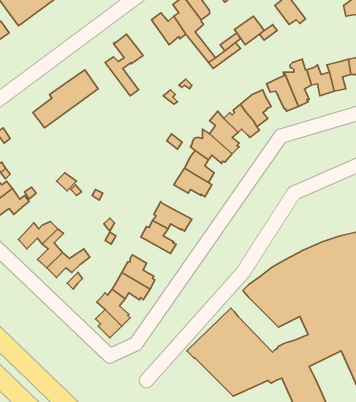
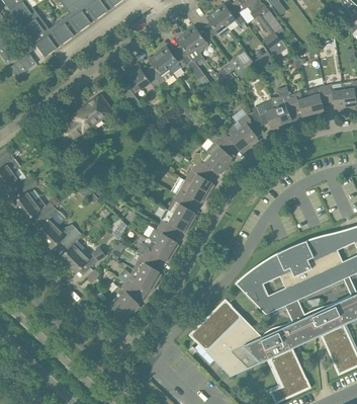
building: none -> [149,53,173,85]
building: none -> [168,193,196,223]
building: none -> [36,208,65,240]
building: none -> [138,240,174,262]

